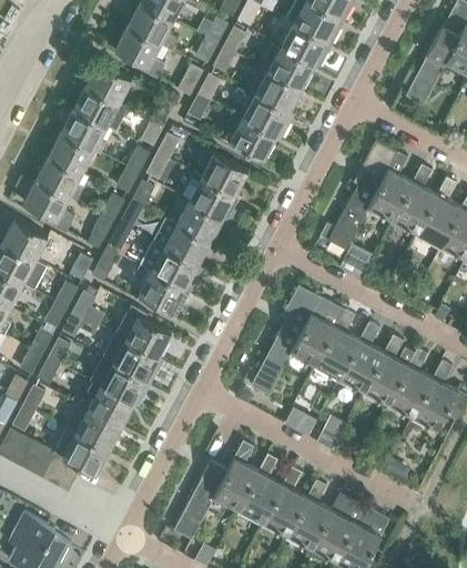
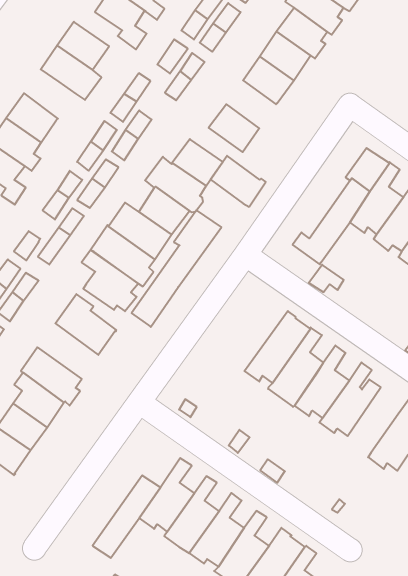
building: [244,94,294,138] -> [210,156,266,207]
building: [61,108,108,154] -> none
building: [252,284,323,394] -> [132,210,221,327]
building: [102,334,158,383] -> none
building: [388,347,434,414] -> none

